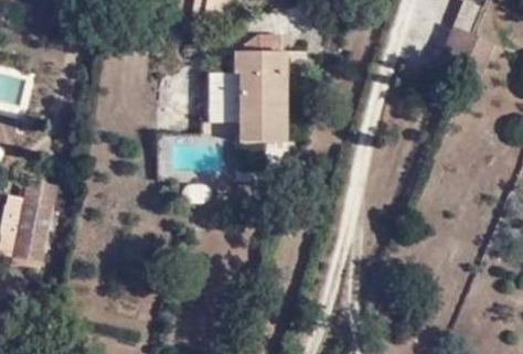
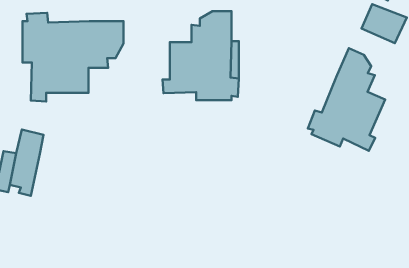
building: none -> [22,13,124,101]
building: none -> [308,48,385,151]

